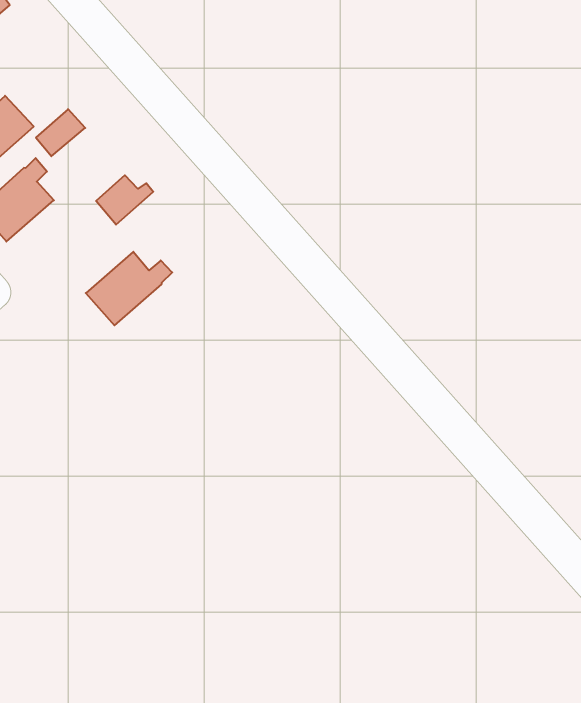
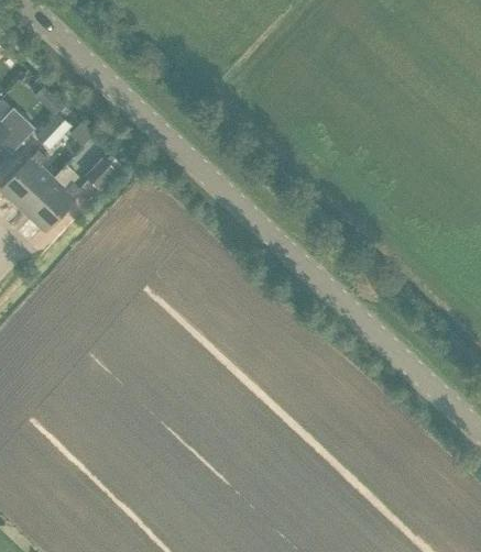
building: [86,252,172,325] -> [22,178,81,231]

